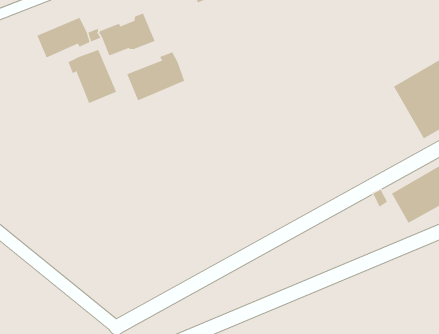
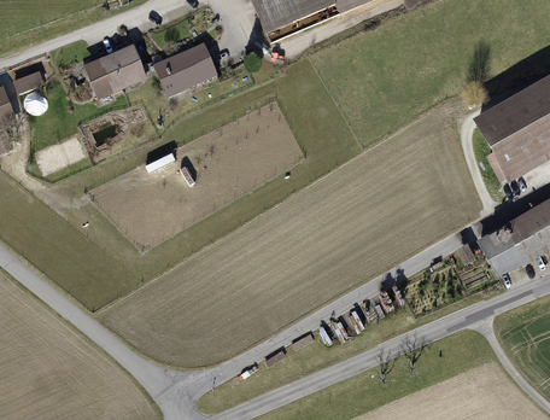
building: [68,49,117,104] -> none
building: [127,51,185,101] -> none

